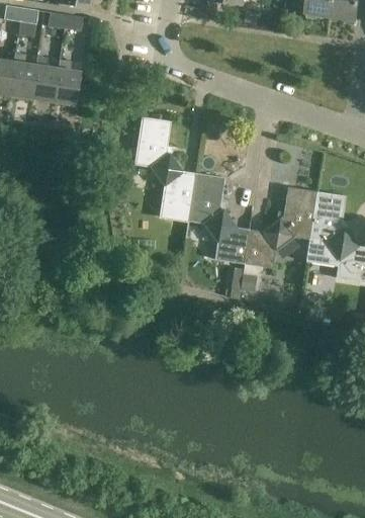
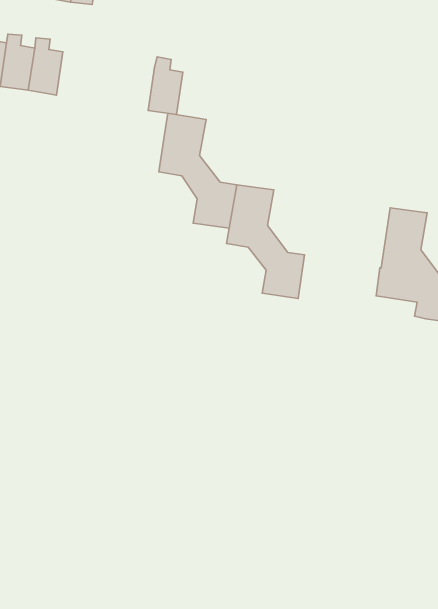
building: [52,60,79,105] -> [148,57,183,114]
building: [239,187,315,292] -> none

